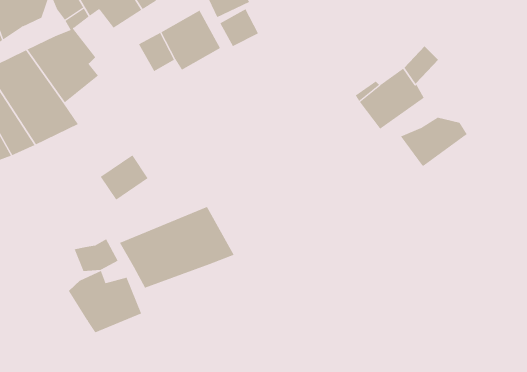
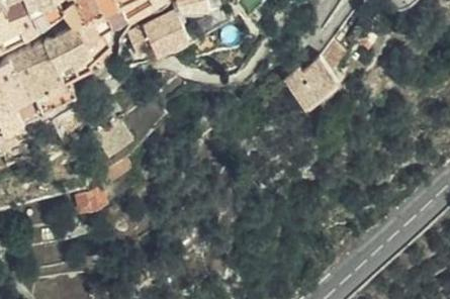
building: none -> [75,14,115,75]
building: [400,117,468,166] -> none
building: [119,206,234,288] -> none
building: [68,270,142,333] -> none

